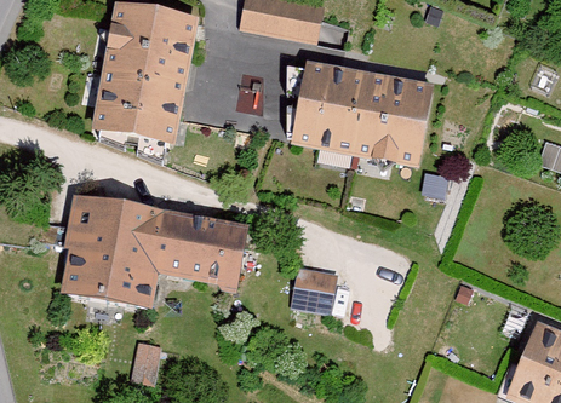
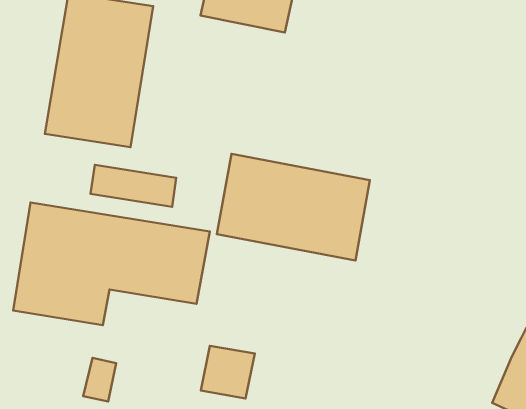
building: [291,71,431,169] -> [217,154,370,261]
building: none -> [91,165,176,207]
building: [288,266,338,315] -> [201,346,255,398]

